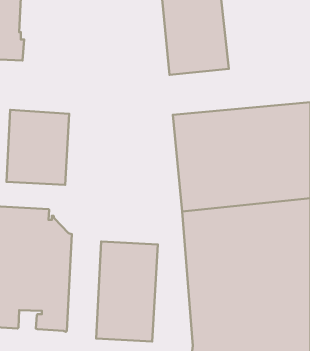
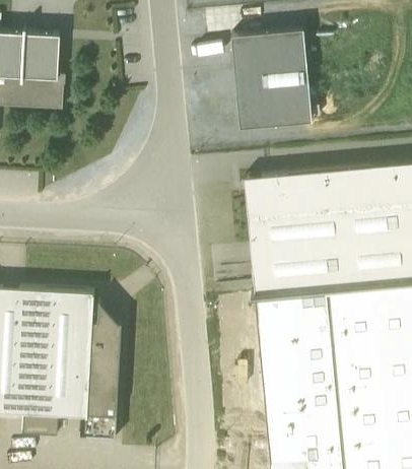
building: [6,110,69,185] -> none
building: [96,242,158,341] -> none

